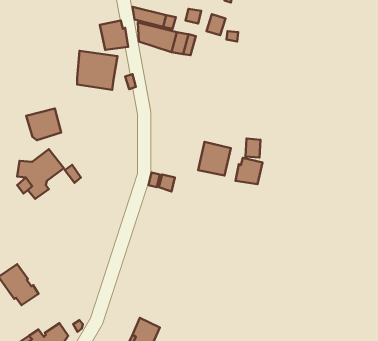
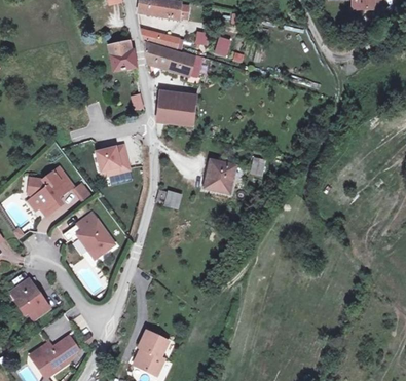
building: [77,51,117,90] -> [157,94,196,132]
building: [26,108,61,140] -> [96,144,130,175]
building: [236,158,263,184] -> none
building: none -> [63,212,115,258]

